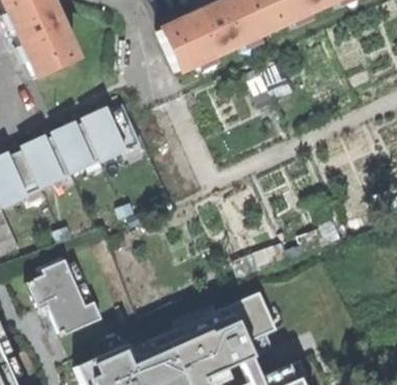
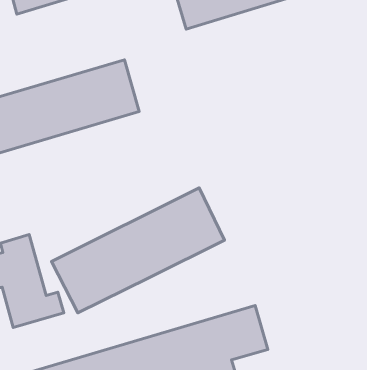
building: none -> [52,188,224,313]

